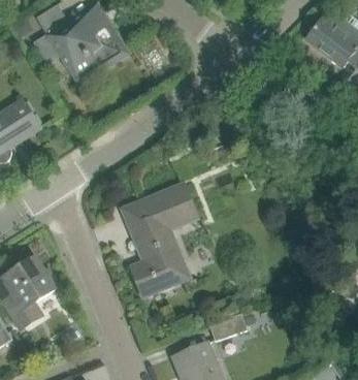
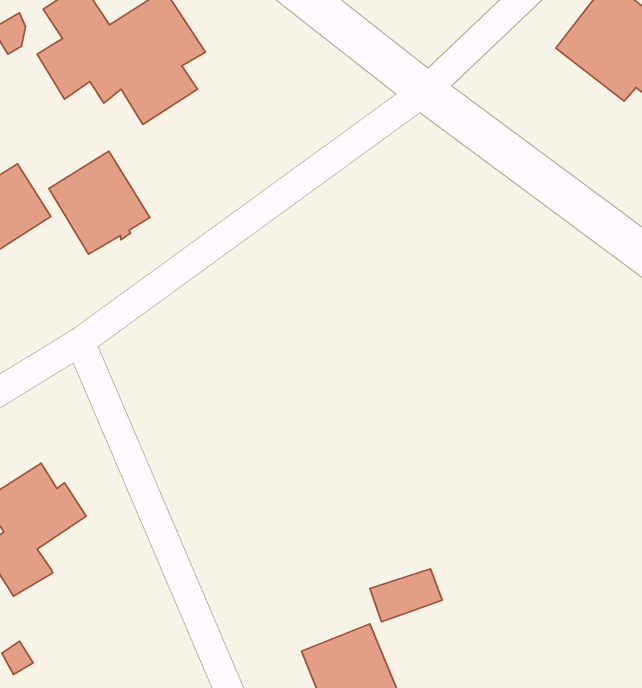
building: none -> [49,151,150,254]
building: [123,184,197,295] -> none

